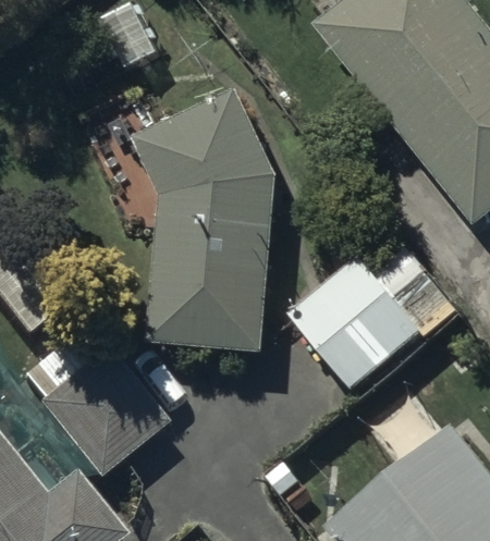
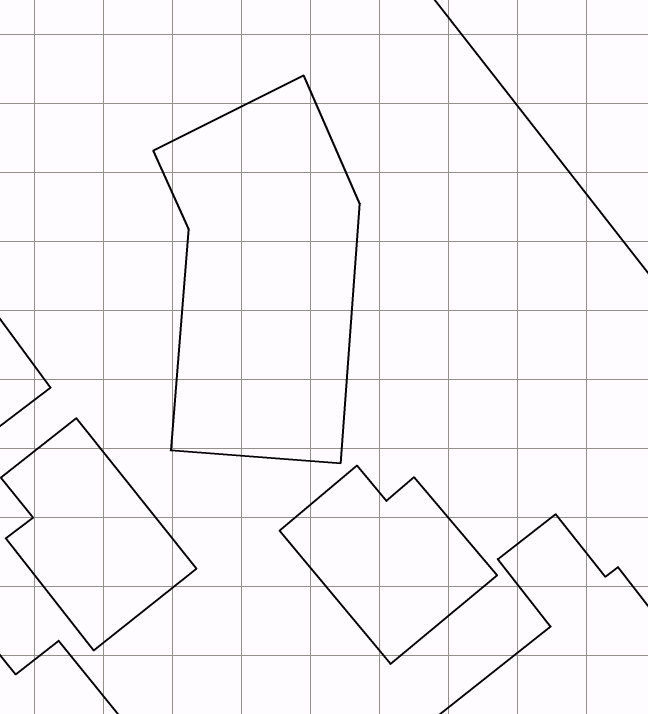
building: [289,238,456,390] -> none
building: none -> [280,466,497,664]

